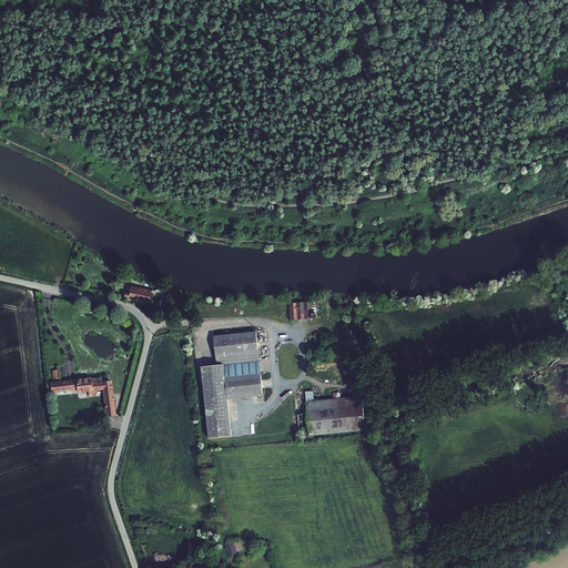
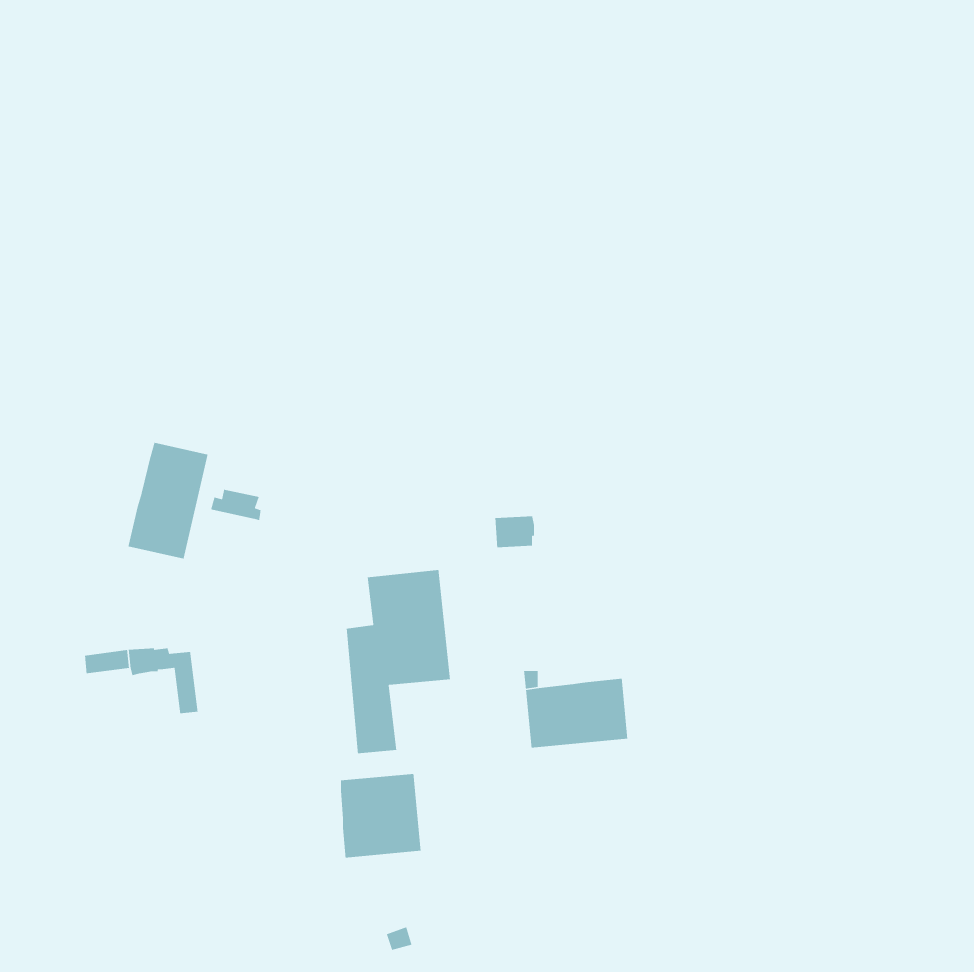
building: none -> [128,442,208,560]
building: none -> [340,773,421,858]

